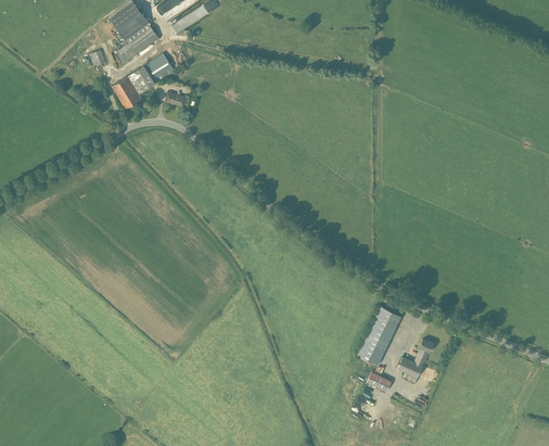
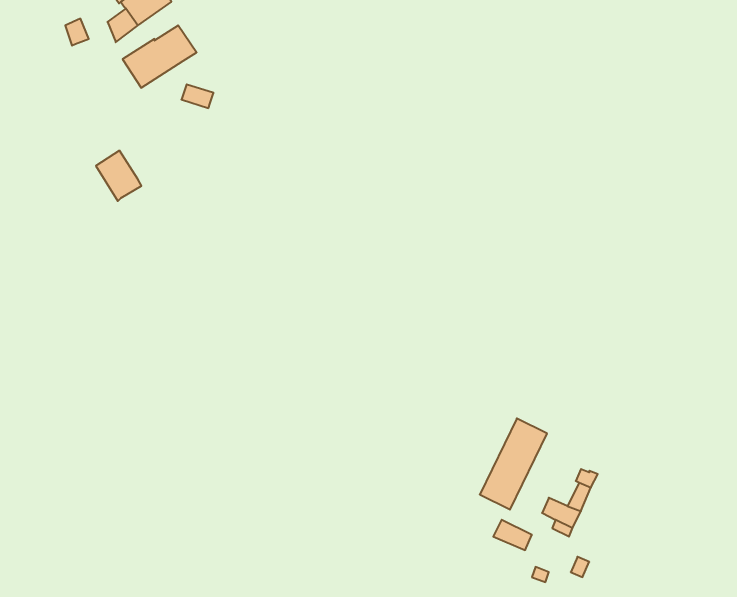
building: [112,75,141,107] -> [96,151,141,201]

